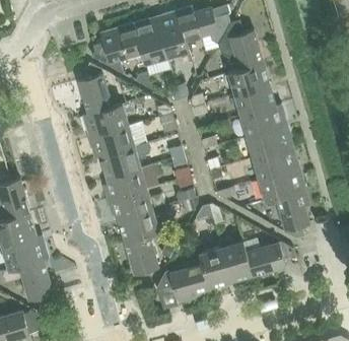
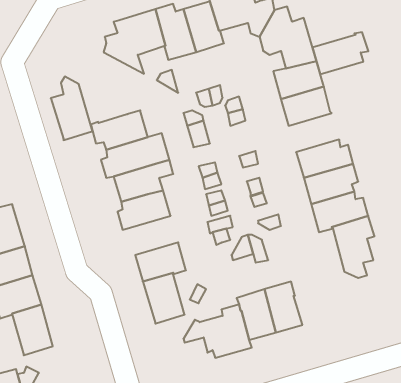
building: [78,63,112,114] -> [51,77,93,140]
building: [240,104,285,137] -> [313,32,368,74]
building: [108,188,152,219] -> none
building: [245,242,294,275] -> none

